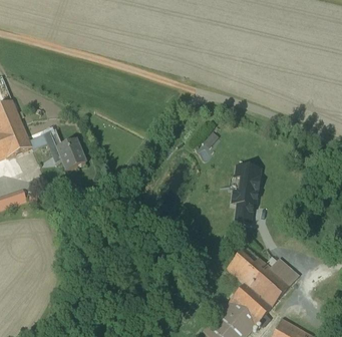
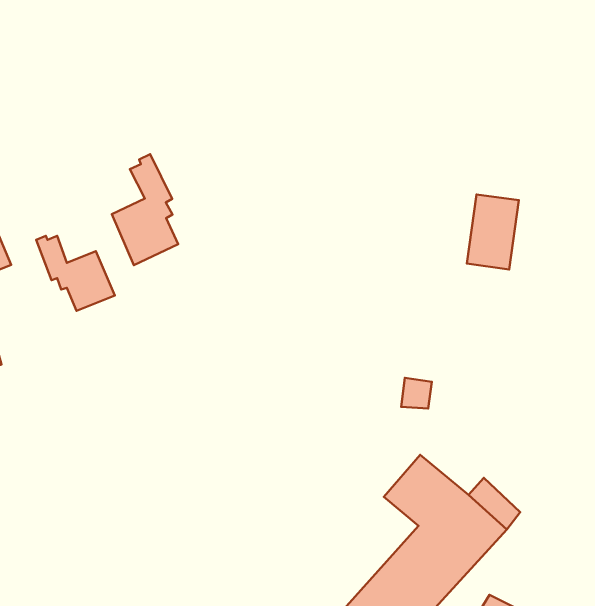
building: none -> [112,154,178,265]
building: [233,165,260,205] -> [467,195,519,269]

